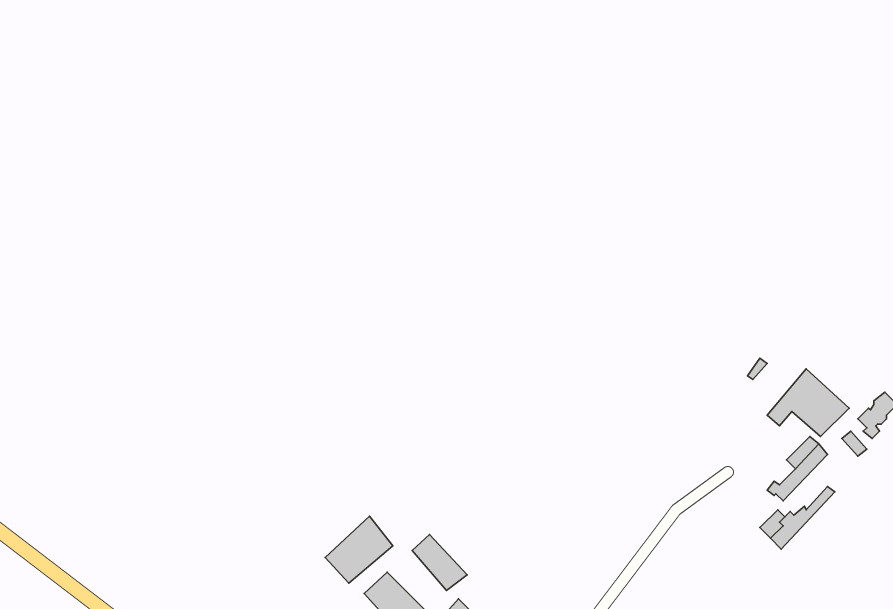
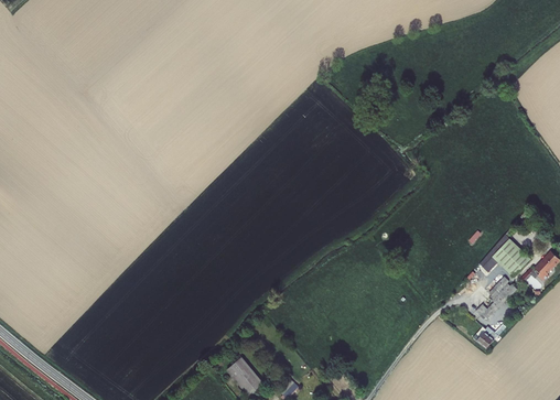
building: [325,516,393,583] -> none
building: [412,534,467,590] -> none

